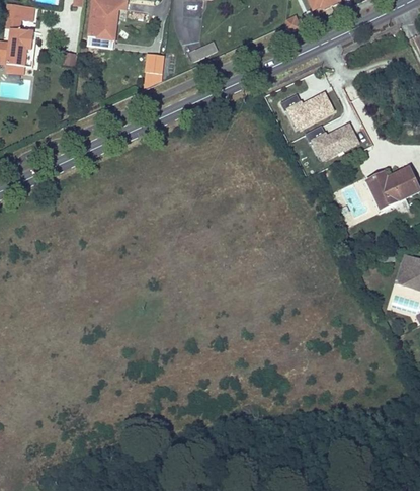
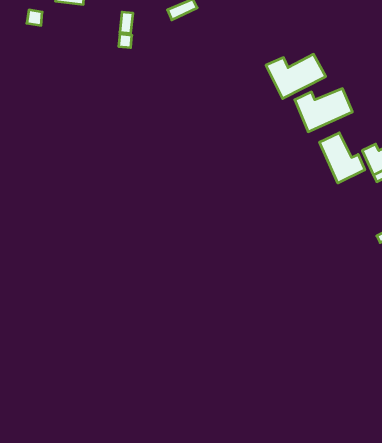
building: none -> [320,133,365,183]

